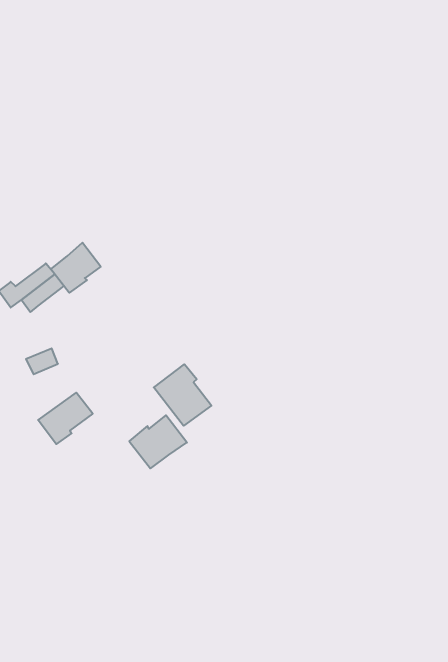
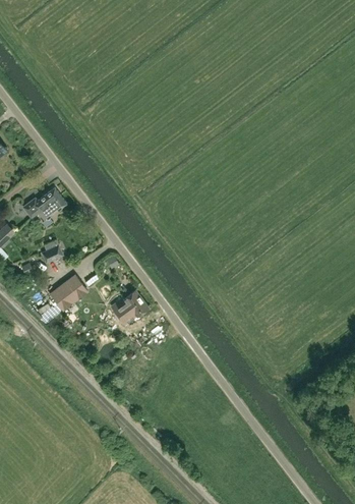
building: [51,243,101,293] -> none
building: [154,364,211,426] -> none

